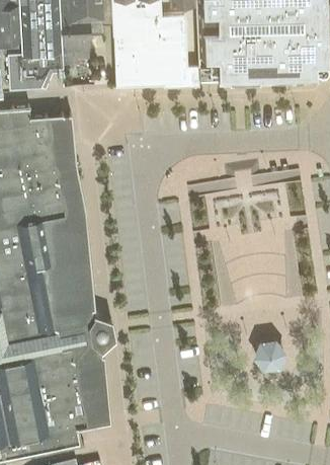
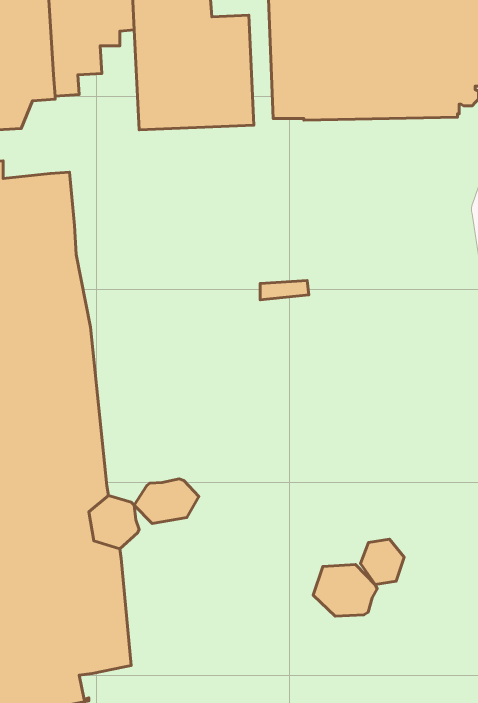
building: none -> [134,479,199,523]
building: none -> [313,564,377,616]

